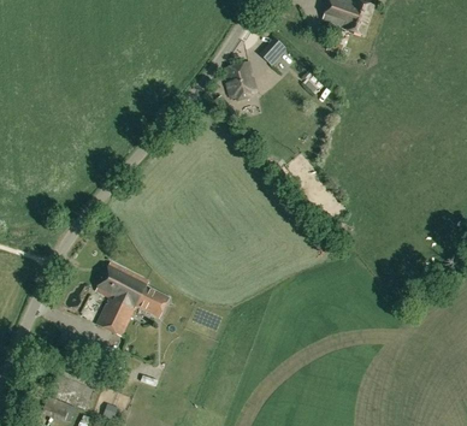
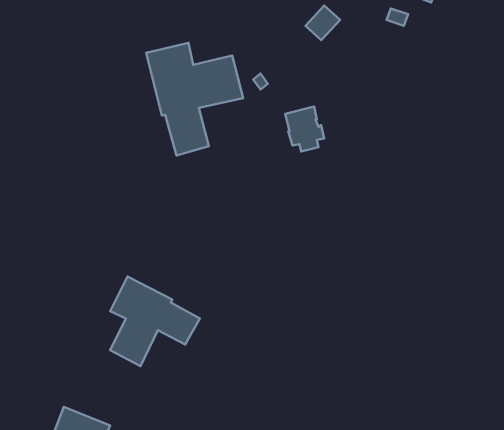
building: [223,63,255,100] -> [285,106,324,151]
building: none -> [146,43,243,156]

